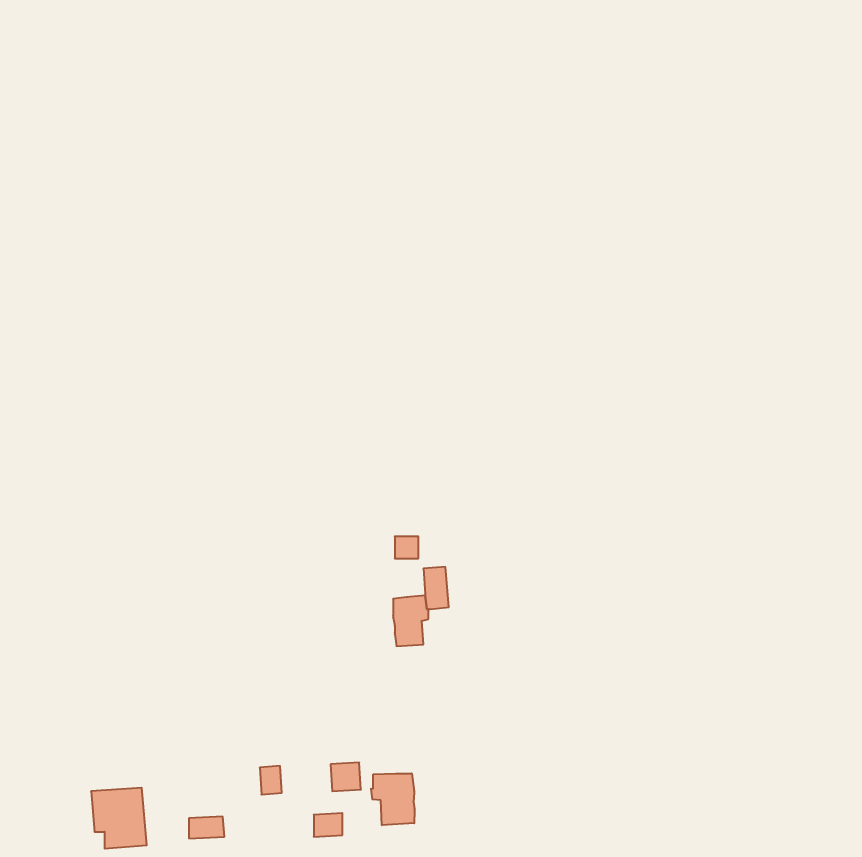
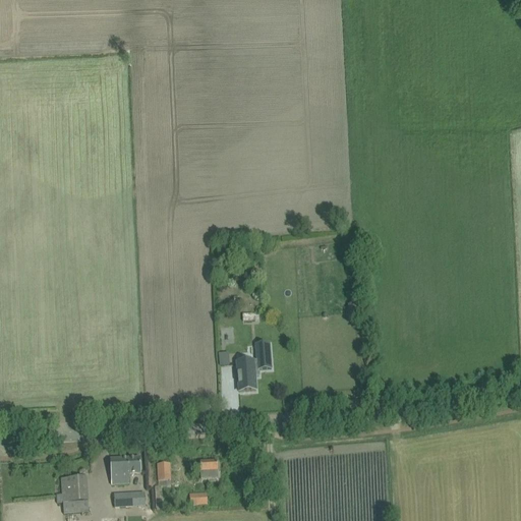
building: none -> [110,456,140,483]
building: [371,773,415,825] -> none

